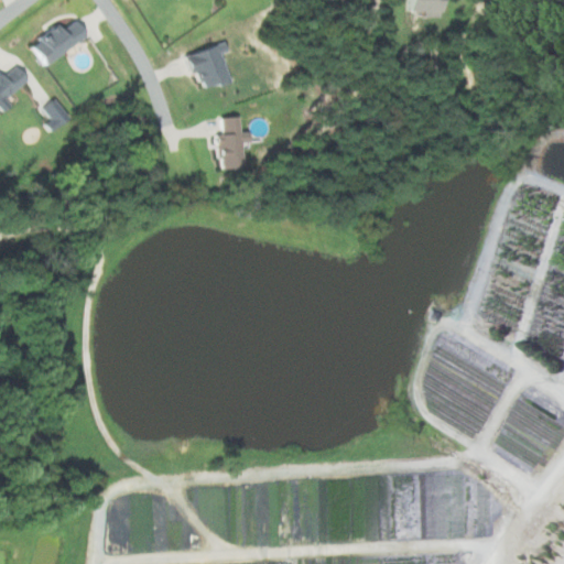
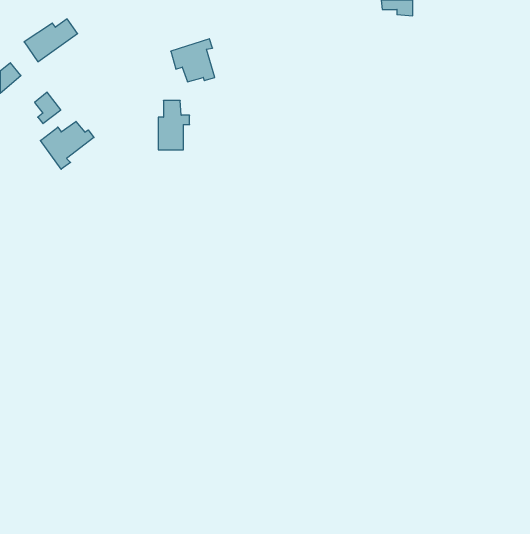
building: [218,117,251,169] -> [158,101,190,150]
building: none -> [40,121,94,169]

